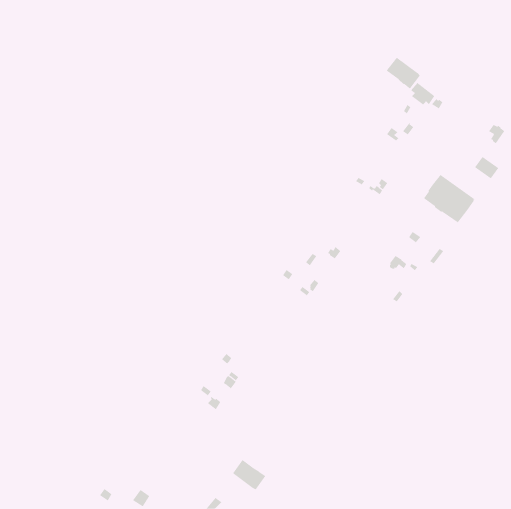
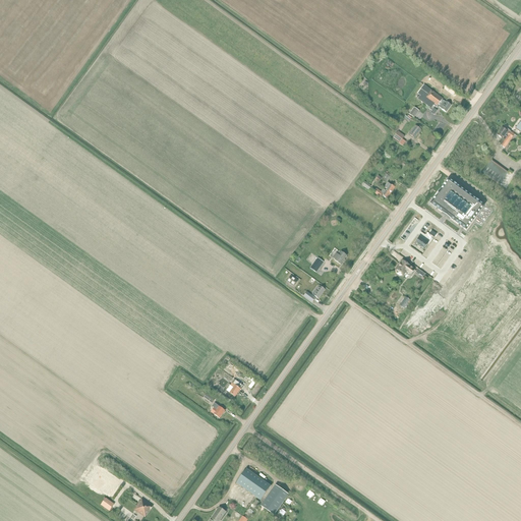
building: [386,57,421,90] -> none
building: none -> [260,483,289,514]

